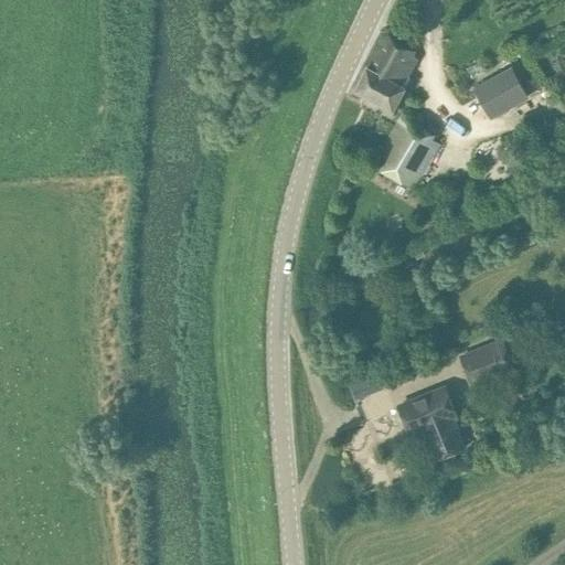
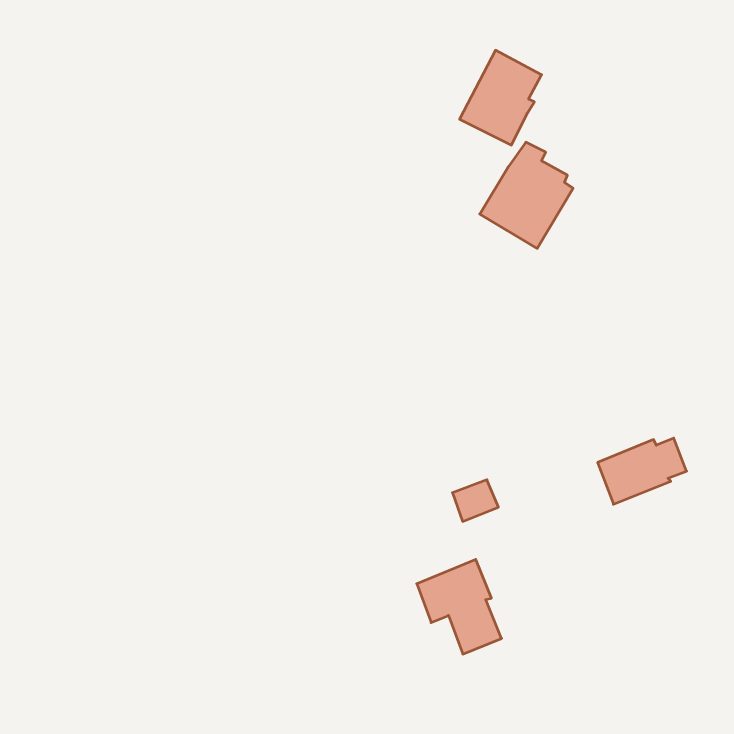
building: [476,68,527,117] -> none
building: [398,387,463,460] -> [417,559,502,654]

